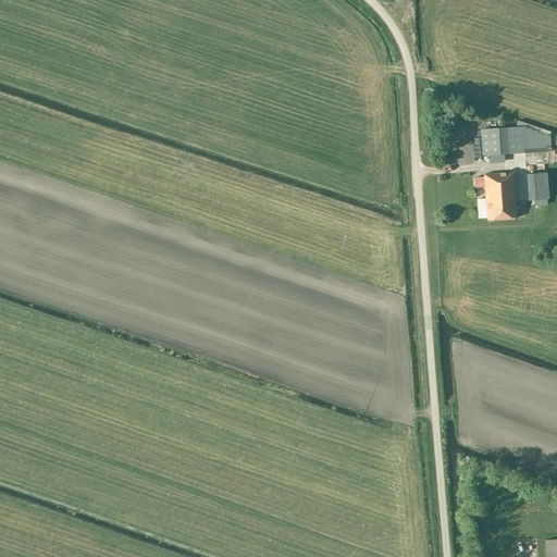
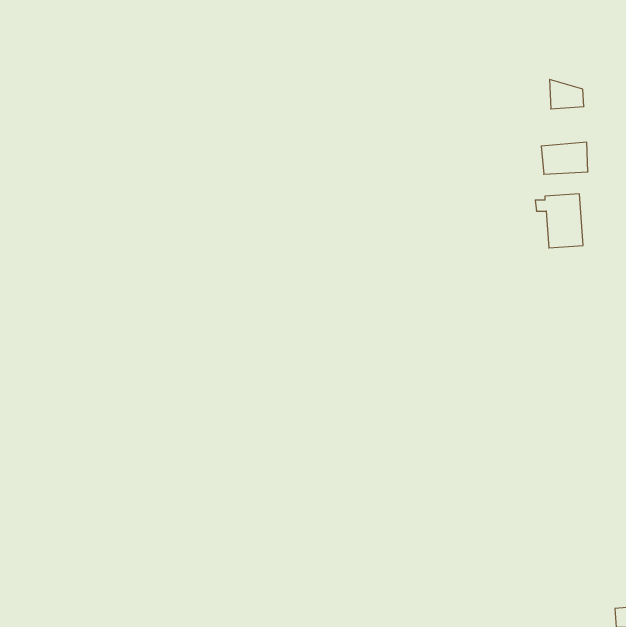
building: [521,126,552,152] -> [550,79,584,109]
building: [528,172,548,200] -> none

